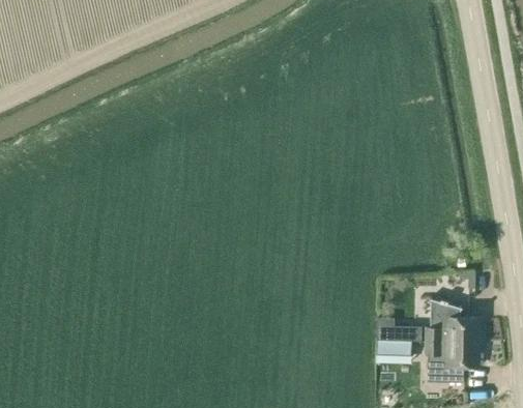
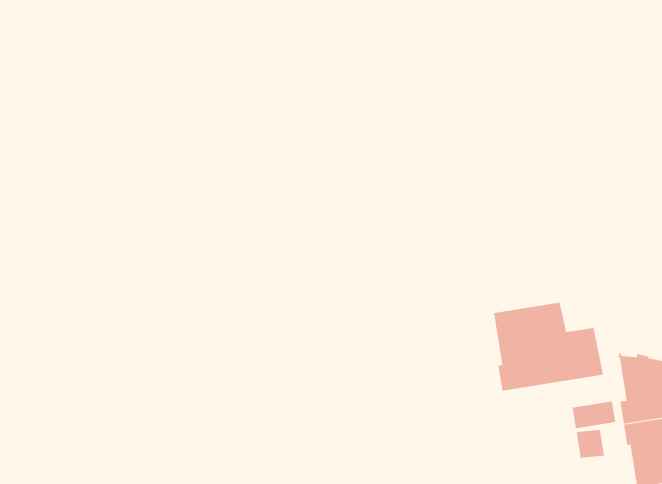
building: none -> [493,302,604,391]

